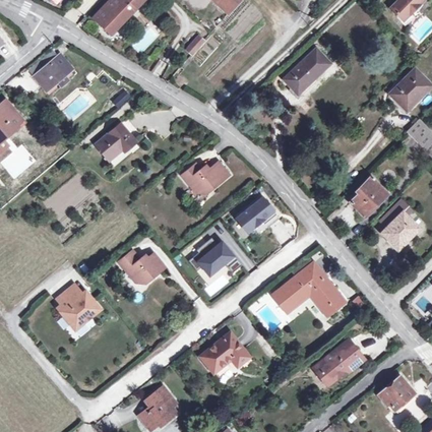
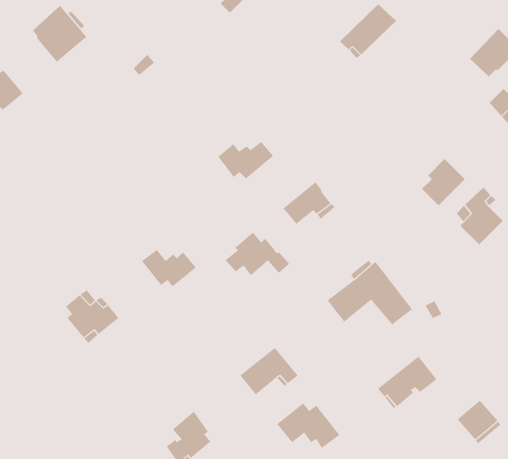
building: [96,124,136,160] -> none
building: none -> [277,403,340,449]

